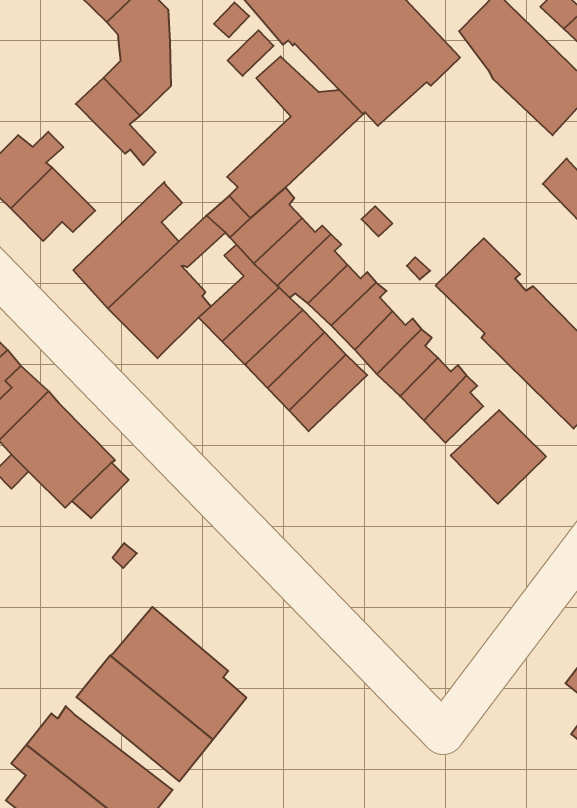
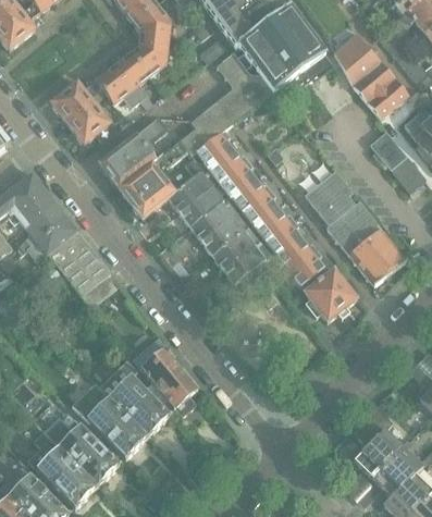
building: none -> [94,67,136,104]
building: none -> [223,241,271,283]
building: none -> [133,340,197,417]

